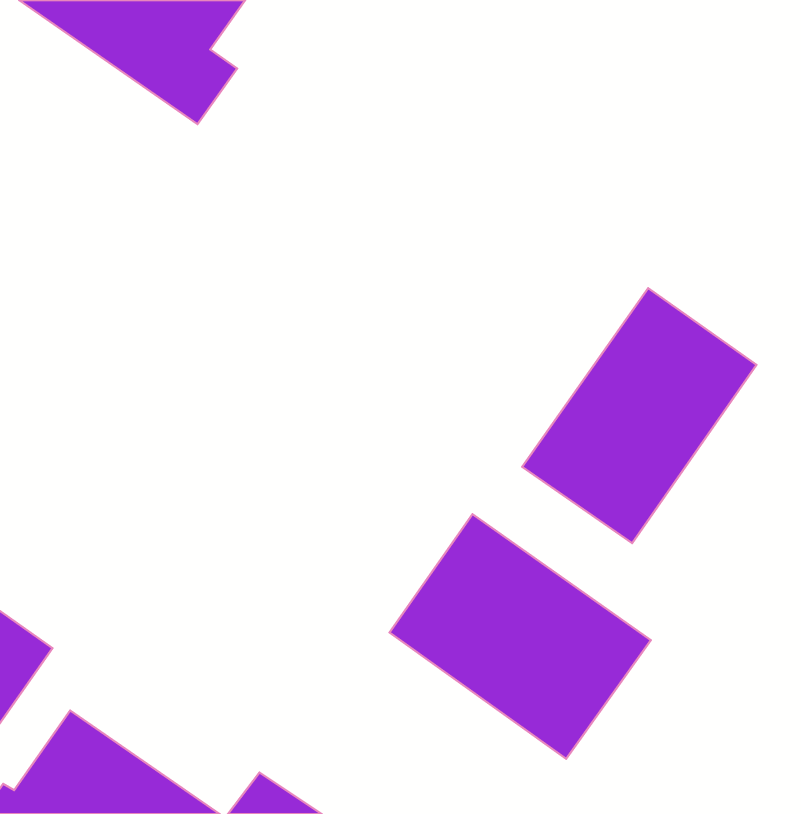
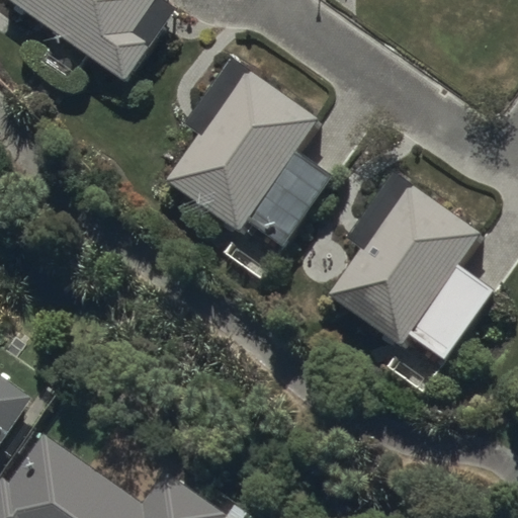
building: none -> [170,70,318,230]
building: [389,514,651,759] -> none

